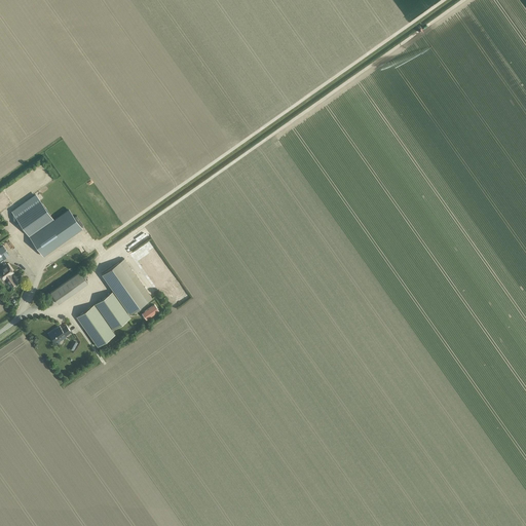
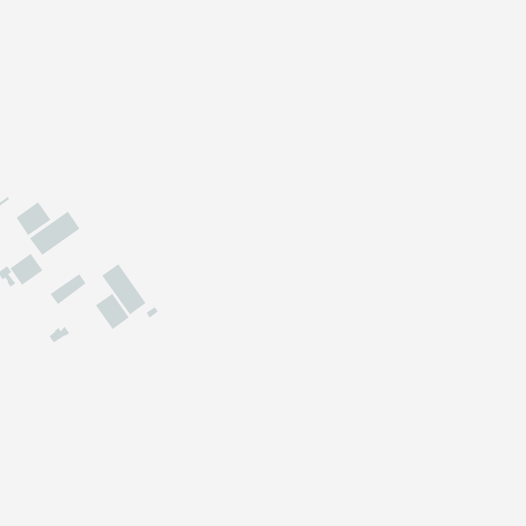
building: none -> [9,253,43,286]
building: [76,306,113,347] -> none

